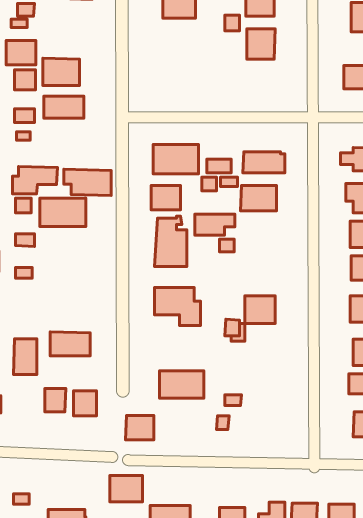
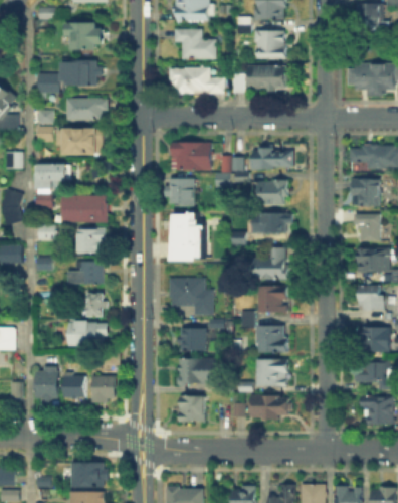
building: none -> [174,30,216,58]
building: [6,41,36,65] -> [72,25,101,48]
building: none -> [233,63,286,94]
building: none -> [168,68,225,92]
building: [64,169,111,196] -> [58,130,104,155]
building: [195,214,235,235] -> [254,212,292,232]
building: none -> [79,229,106,250]
building: none -> [253,248,285,281]
building: none -> [67,261,105,284]
building: none -> [88,294,106,316]
building: [14,339,37,375] -> [35,368,57,402]
building: none -> [258,328,286,352]
building: none -> [179,331,211,351]
building: none -> [259,361,287,386]
building: none -> [248,396,289,417]
building: [125,416,154,440] -> [179,396,206,420]
building: [110,475,142,502] -> [72,460,104,485]

